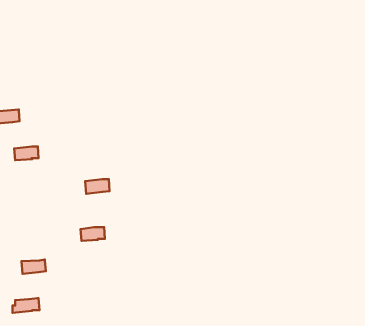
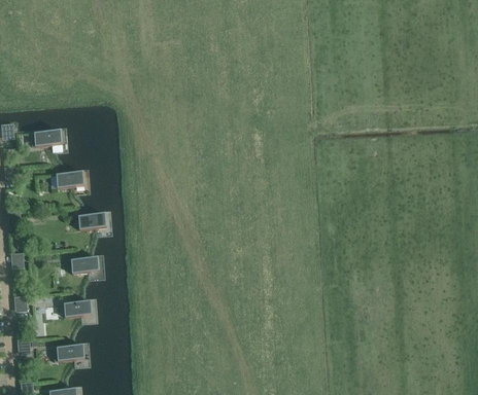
building: [85,179,110,194] -> [78,213,106,229]
building: [80,227,105,241] -> [71,257,99,273]

